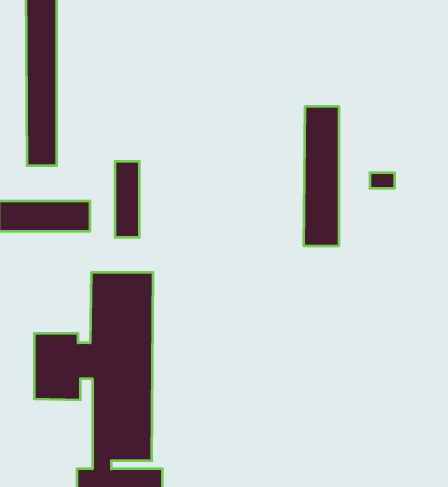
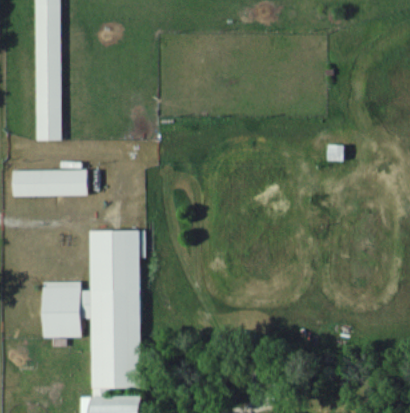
building: [304,106,339,246] -> none
building: [115,161,139,238] -> none

